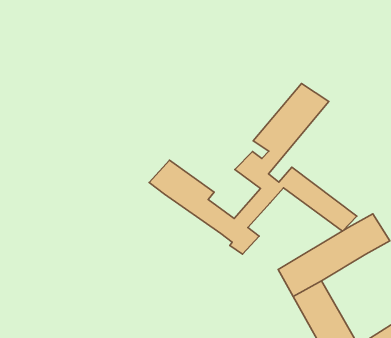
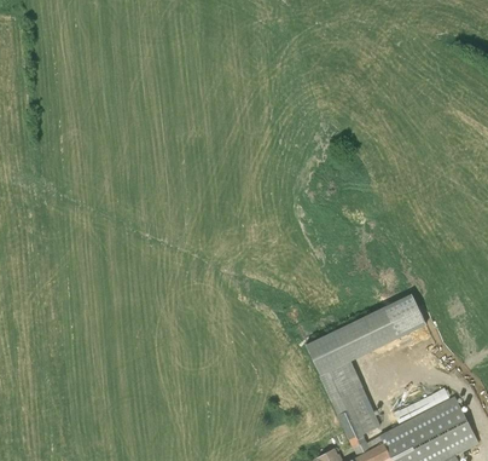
building: [149,84,357,254] -> none

